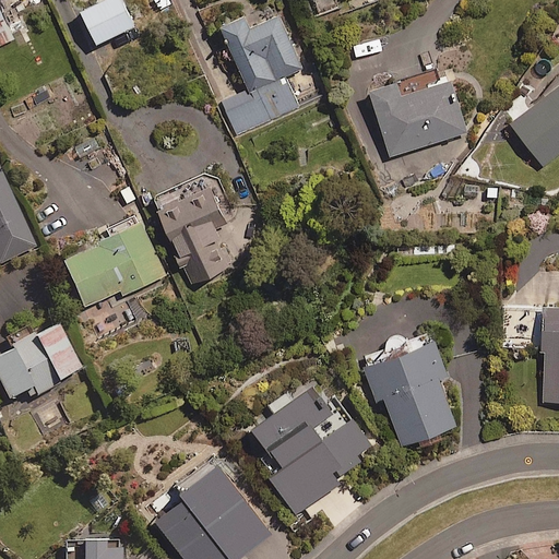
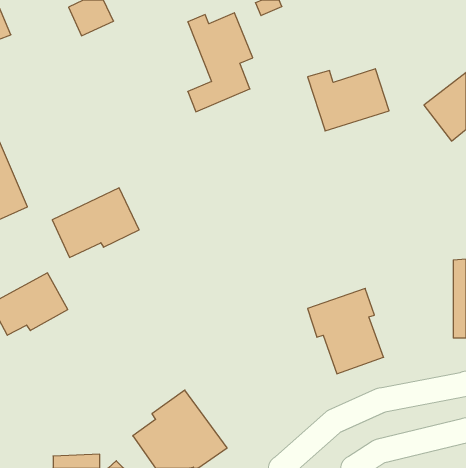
building: [156,174,230,284] -> none
building: [249,377,377,513] -> none

